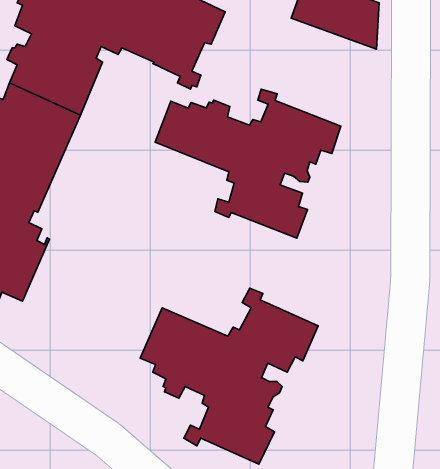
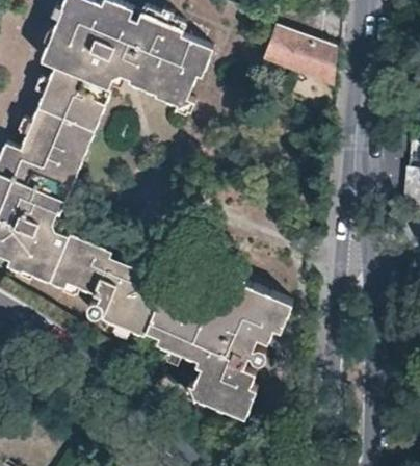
building: [155,89,341,238] -> none
building: none -> [50,237,165,343]

